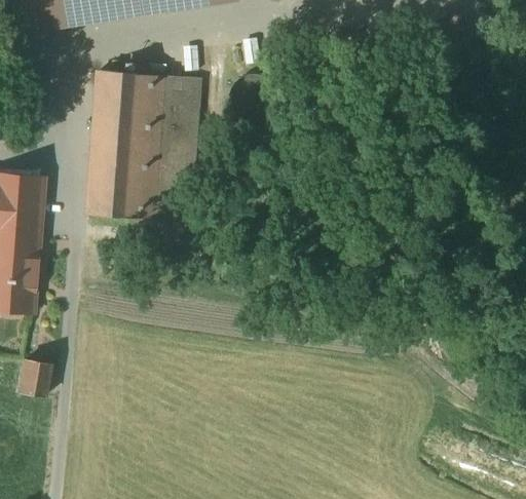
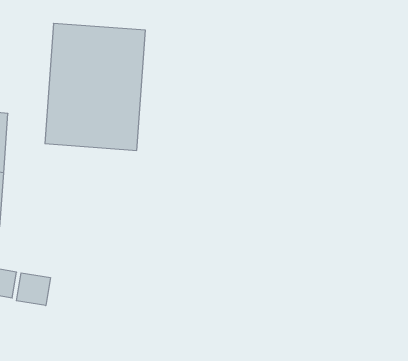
building: none -> [16,273,50,306]

